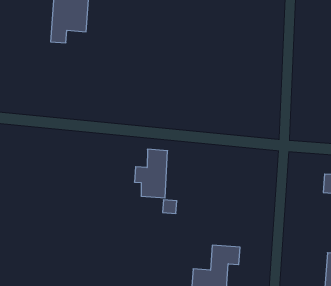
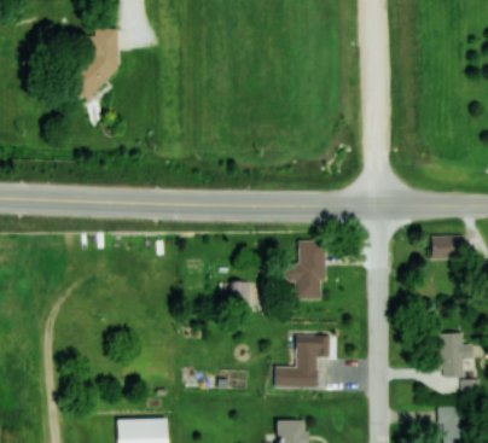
building: [134,149,168,198] -> [285,241,325,301]

